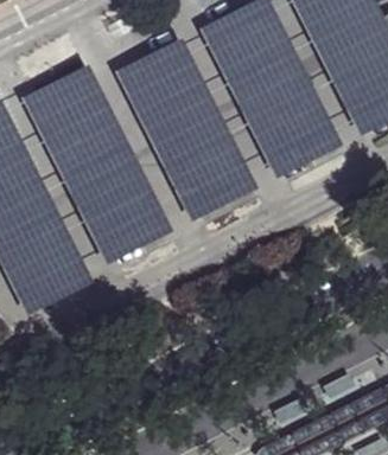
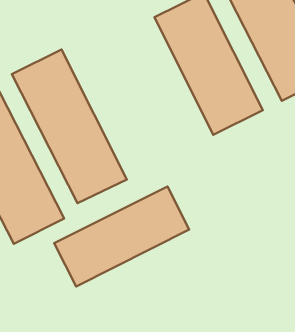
building: [116,39,254,219] -> none
building: none -> [54,186,189,287]

